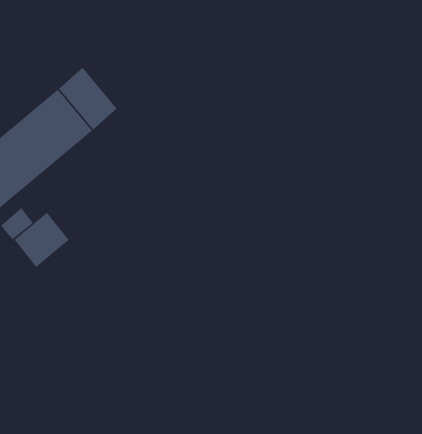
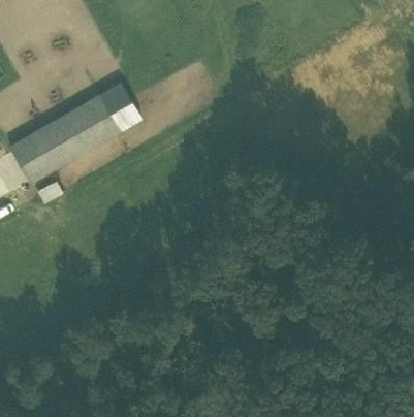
building: [14,212,69,268] -> none

